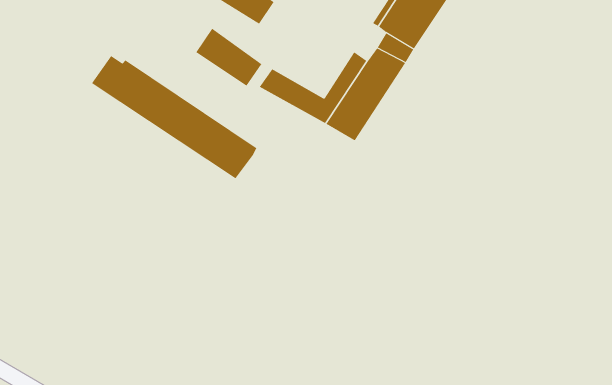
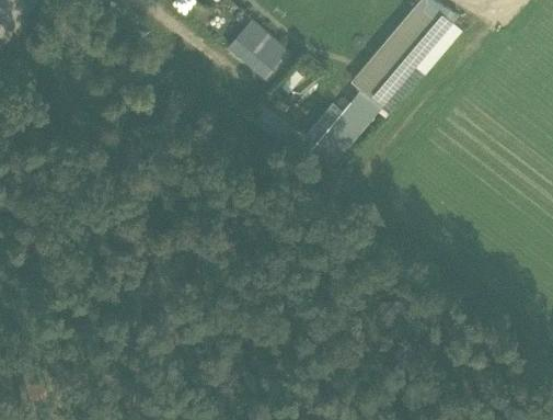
building: [196,28,262,87] -> none
building: [91,55,257,179] -> none

